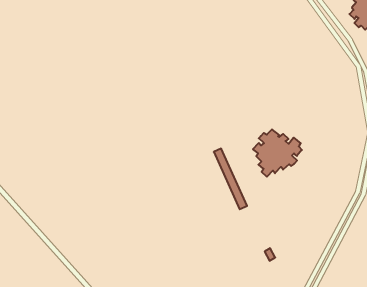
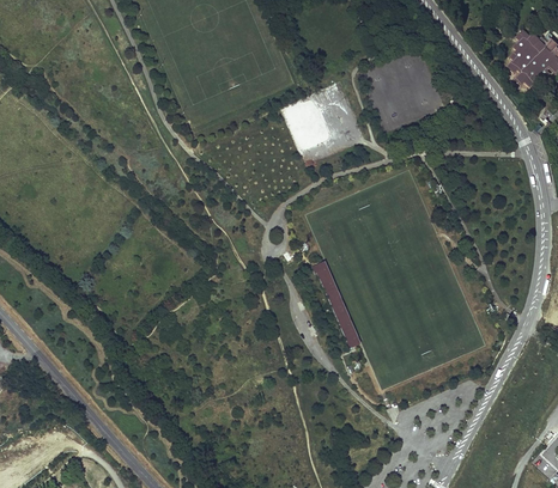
building: [253,129,302,177] -> none

